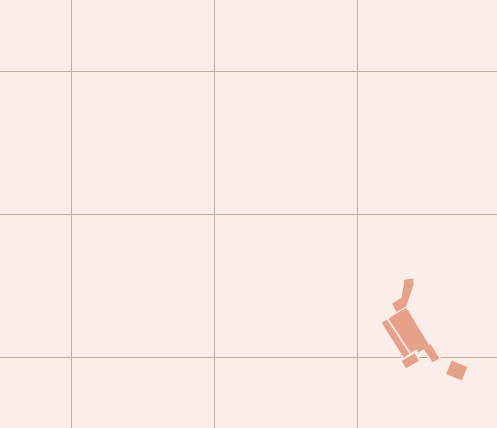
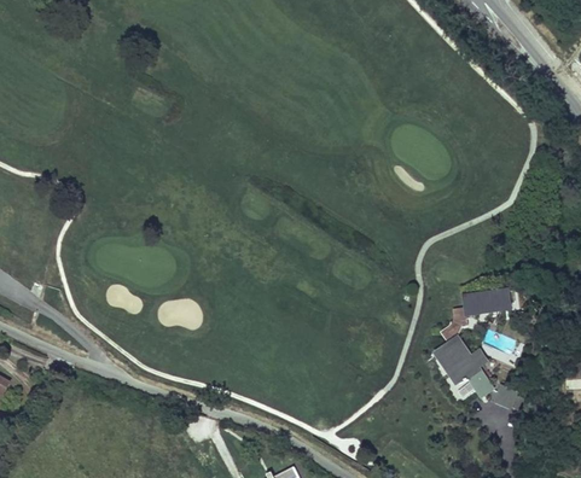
building: none -> [464,293,515,314]

